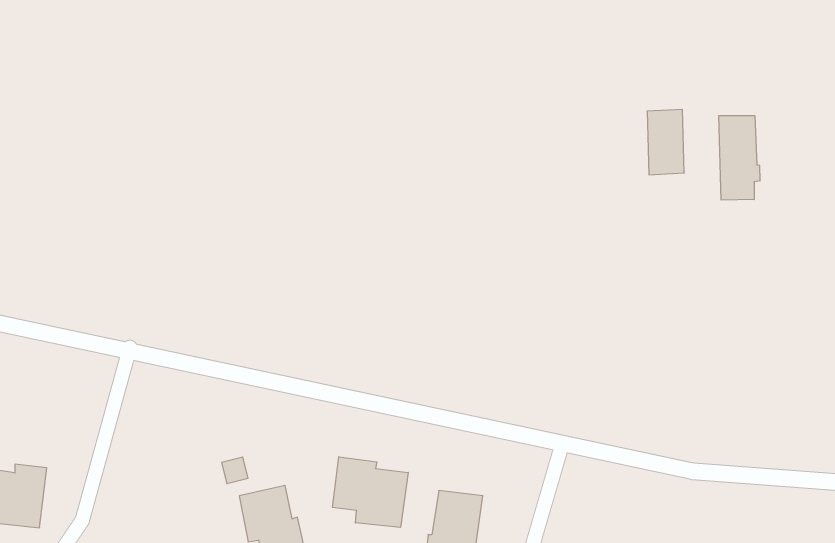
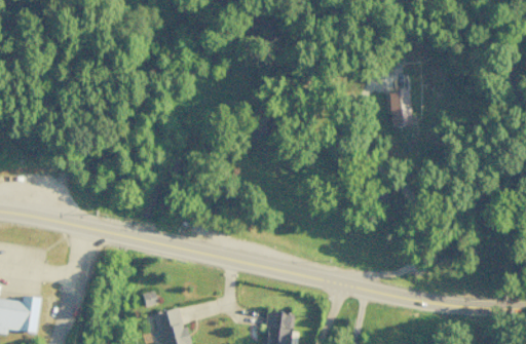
building: [719,116,760,200] -> none
building: [332,457,408,527] -> none

